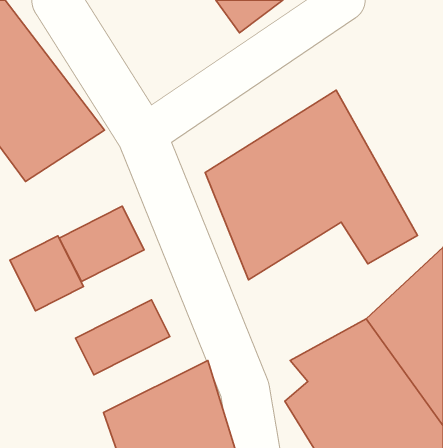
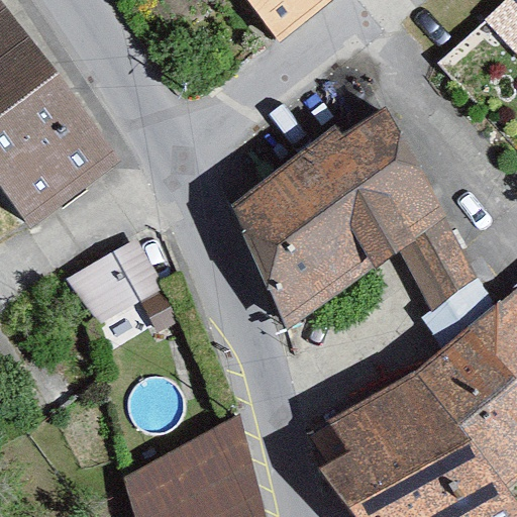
building: [10,236,83,311] -> none
building: [76,300,170,375] -> none

